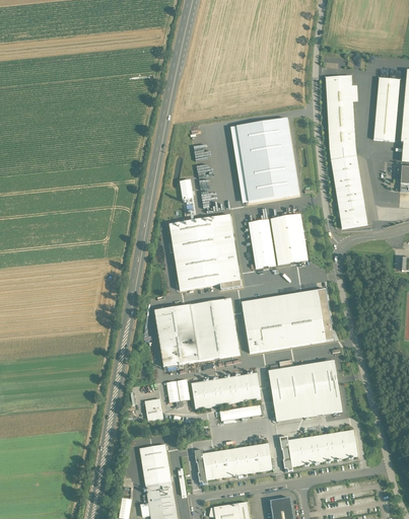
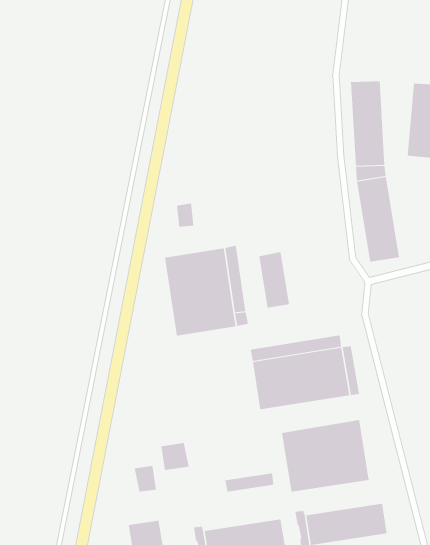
building: [236,119,298,202] -> none
building: [271,214,309,265] -> none
building: [154,298,240,366] -> none
building: [191,372,261,409] -> none

